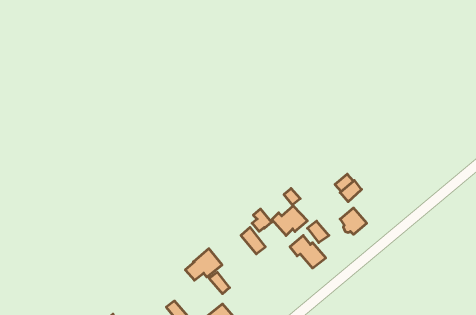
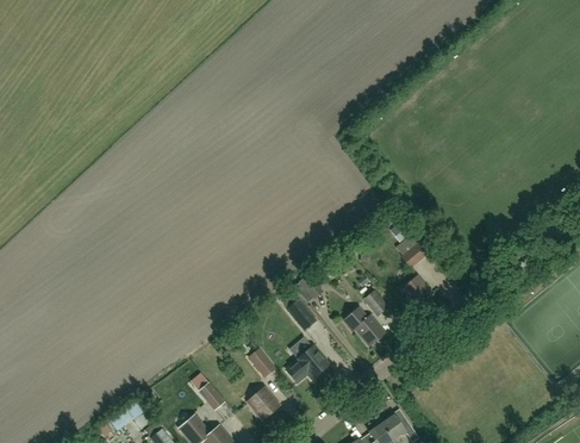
building: [272,206,307,236] -> none
building: [185,249,222,280] -> [286,345,329,382]

